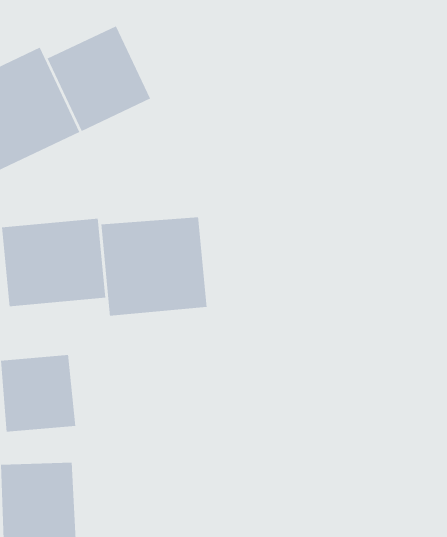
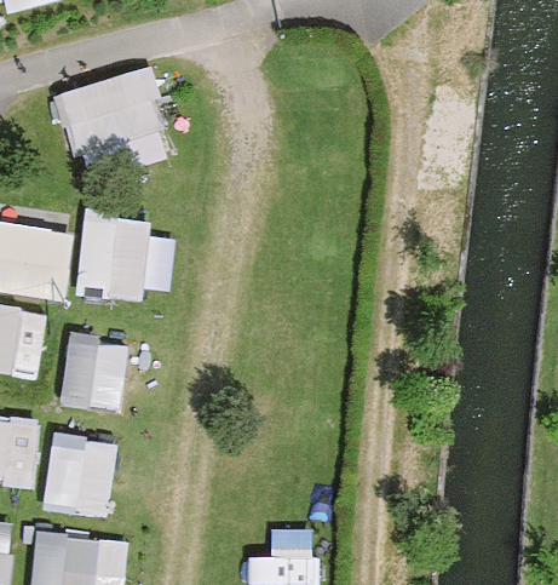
building: [47,25,151,132] -> none
building: [101,217,207,317] -> none

